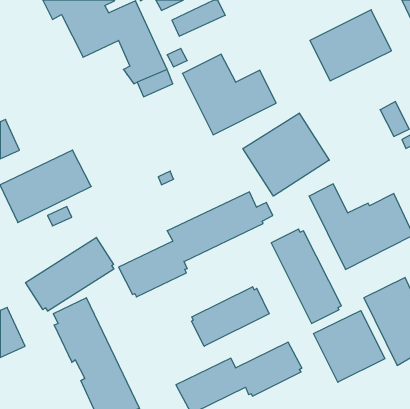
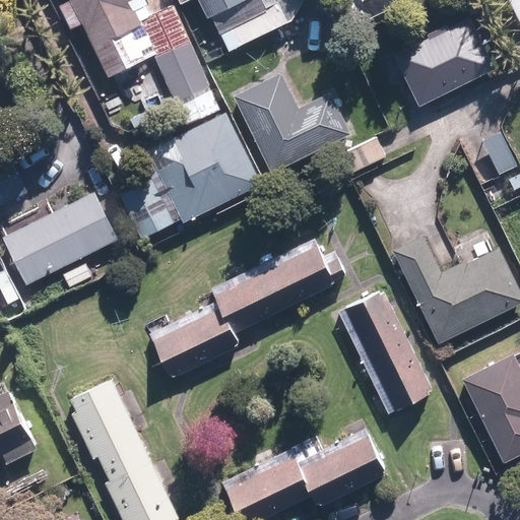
building: none -> [119,113,260,240]
building: [243,113,329,196] -> none
building: [26,237,114,311] -> none
building: [192,287,269,346] -> none
building: [314,311,385,382] -> none

